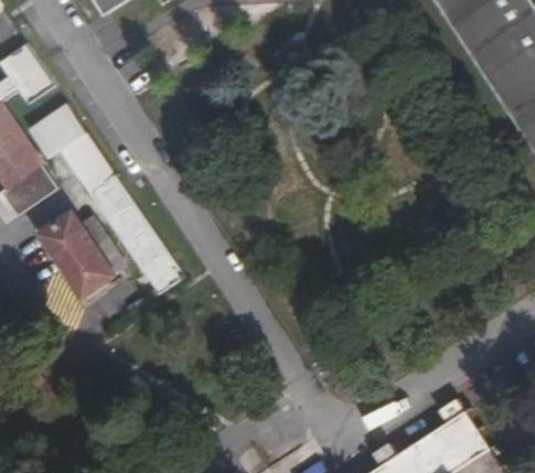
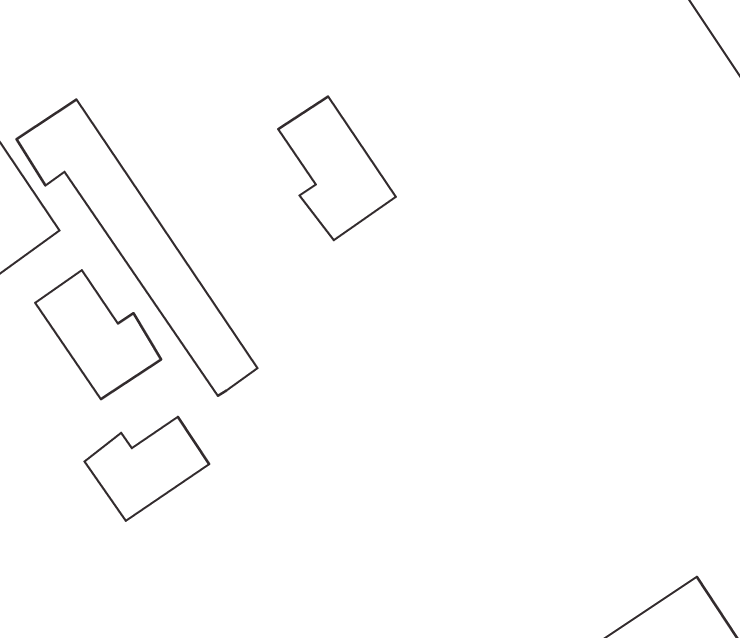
building: none -> [278,97,396,240]
building: none -> [85,417,209,521]

